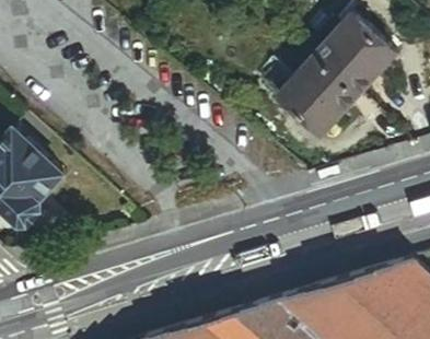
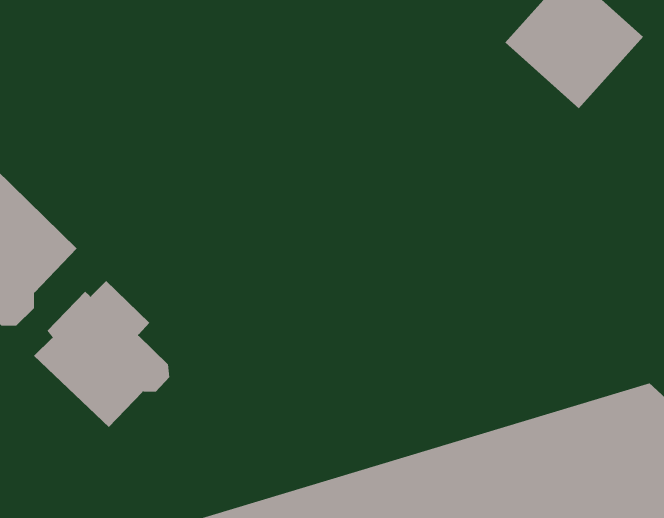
building: [281,56,361,136] -> none
building: none -> [33,280,170,428]

